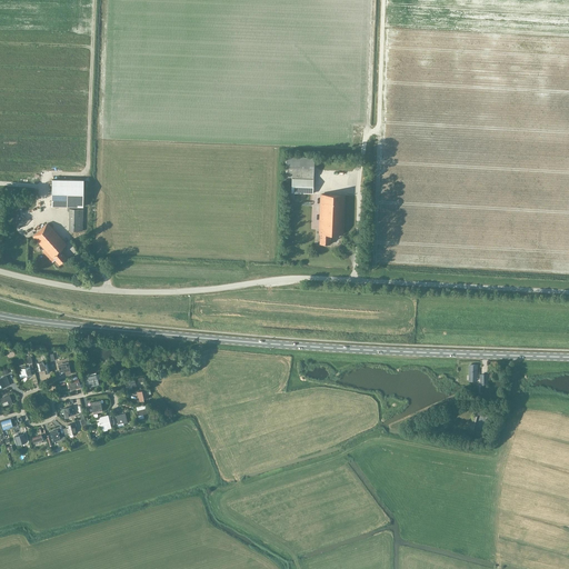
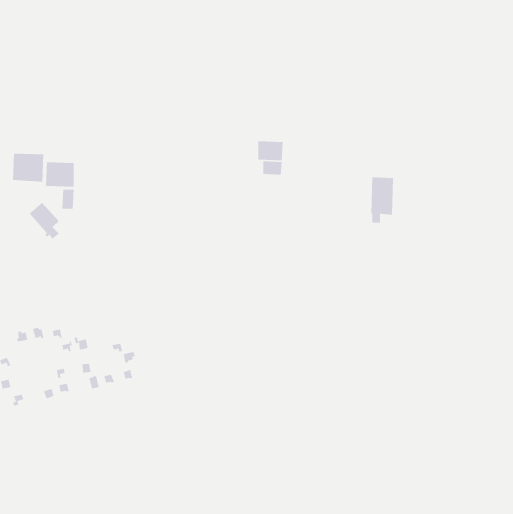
building: none -> [12,153,44,182]
building: [318,193,343,244] -> [371,177,394,223]

